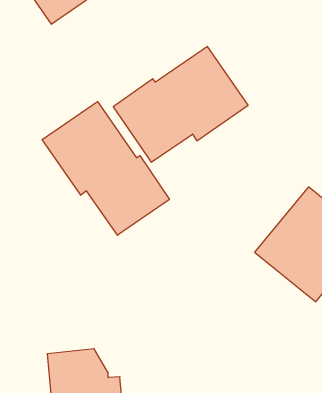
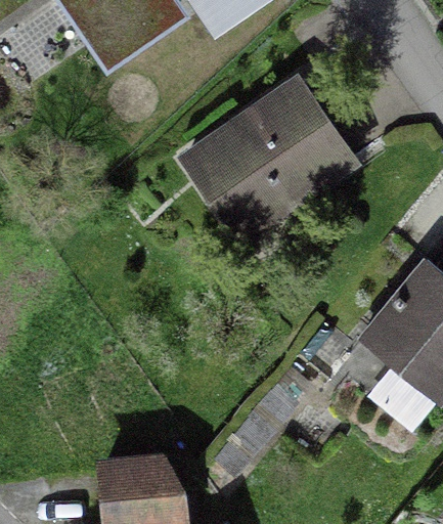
building: [42,102,169,235] -> none

